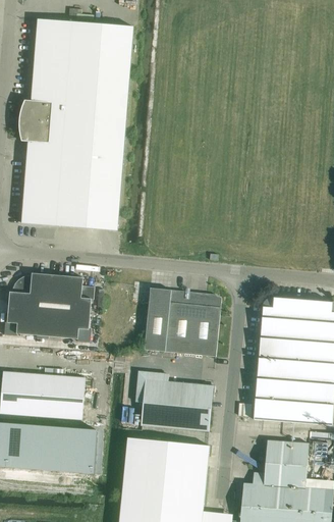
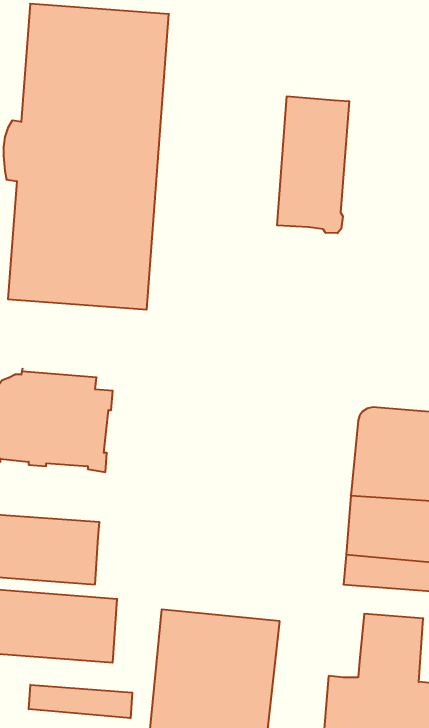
building: none -> [277,96,349,233]
building: [145,286,222,356] -> none
building: [142,378,215,430] -> none
building: none -> [29,685,132,718]

